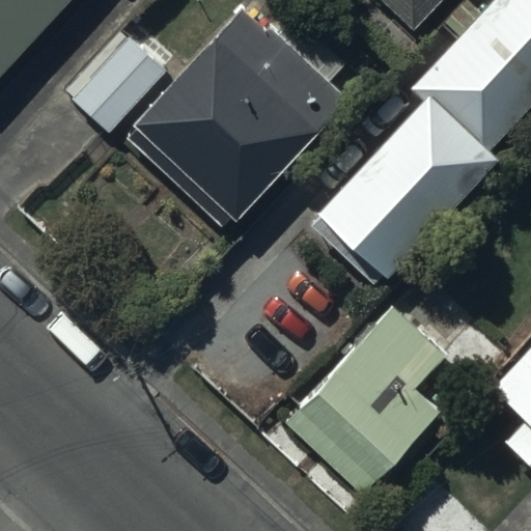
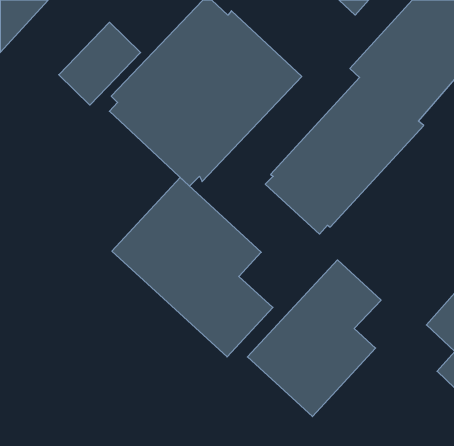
building: none -> [112,177,273,357]

